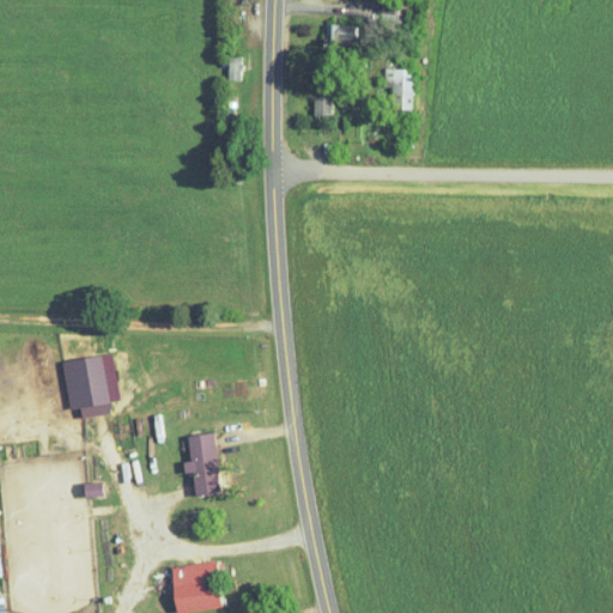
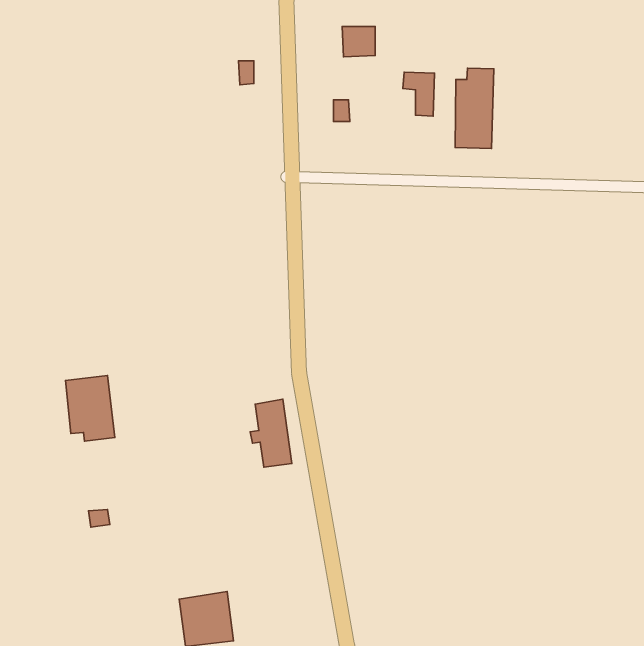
building: none -> [455,68,494,149]
building: [182,432,221,497] -> [250,399,292,467]

